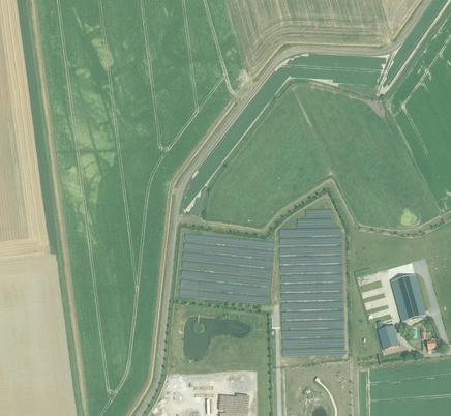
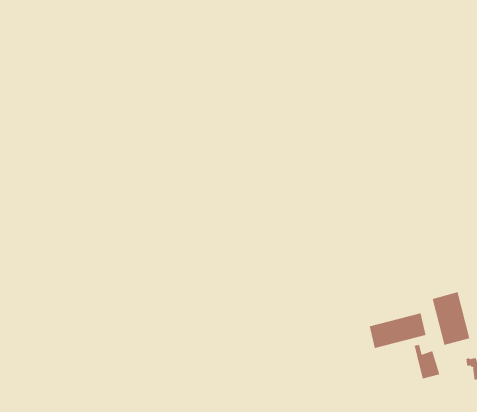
building: none -> [369,313,426,349]

